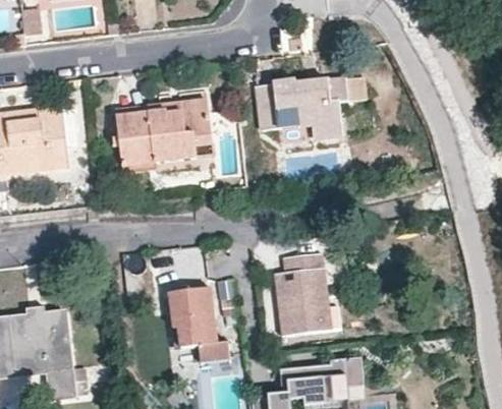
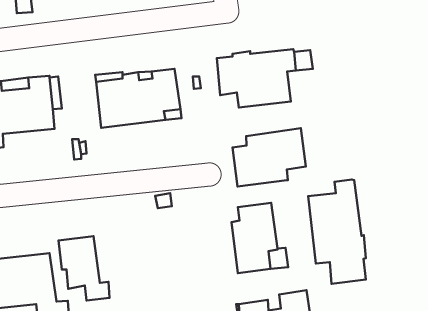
building: none -> [232,128,306,187]
building: none -> [308,180,366,284]
building: [168,287,227,361] -> [58,236,110,300]

